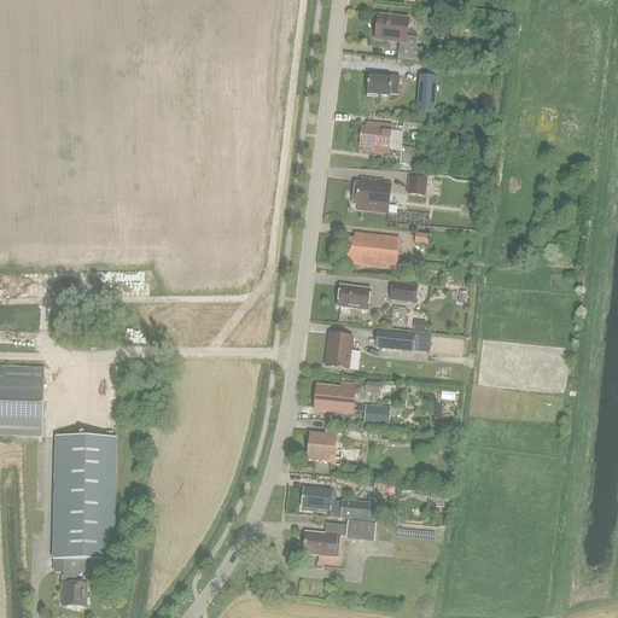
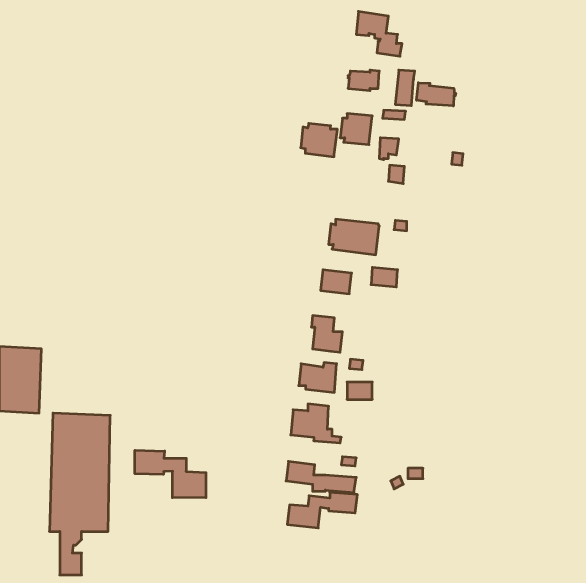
building: none -> [417,83,456,106]
building: [351,176,390,211] -> [301,123,337,157]
building: [374,328,430,350] -> none
building: none -> [135,450,206,498]

